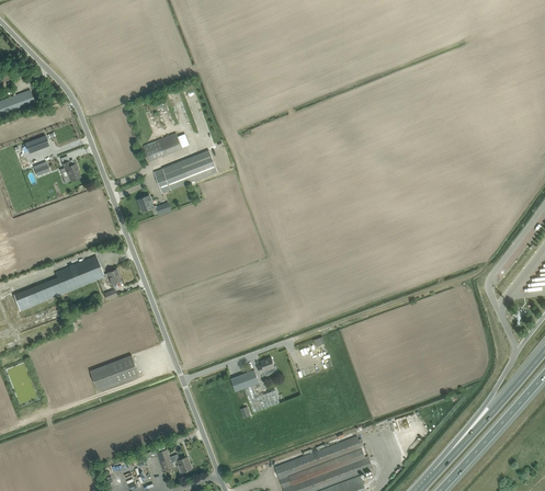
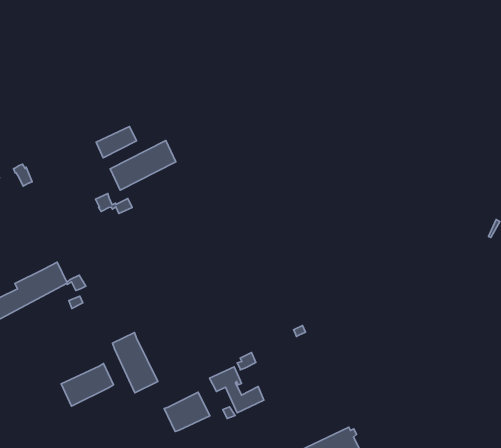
building: none -> [112,333,158,393]
building: none -> [164,392,210,431]

